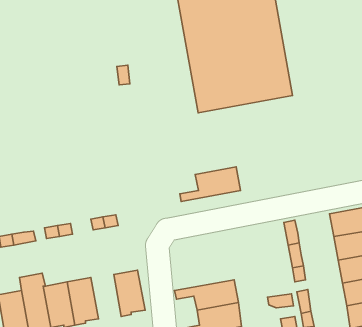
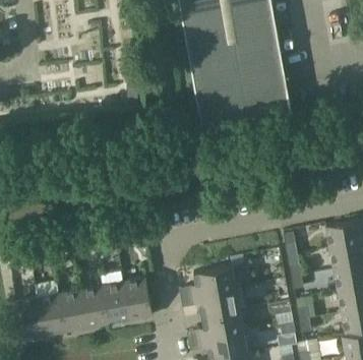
building: [180,167,241,201] -> [178,265,235,298]
building: none -> [101,283,129,324]

